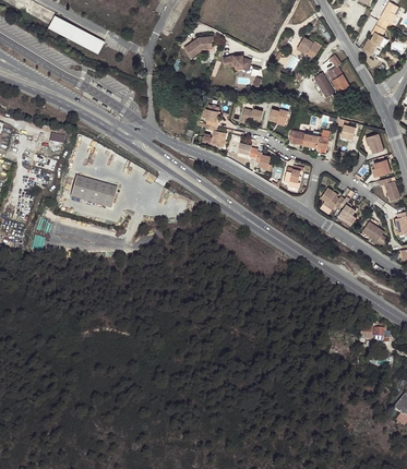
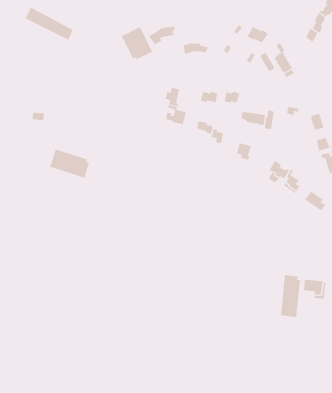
building: none -> [121,26,153,60]
building: none -> [280,274,300,318]

